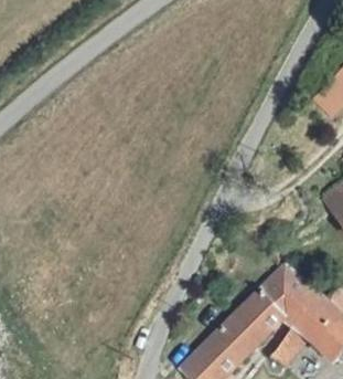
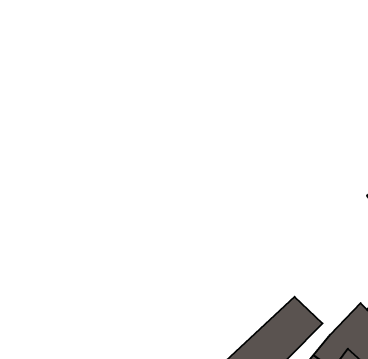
building: [260,269,318,324] -> none

